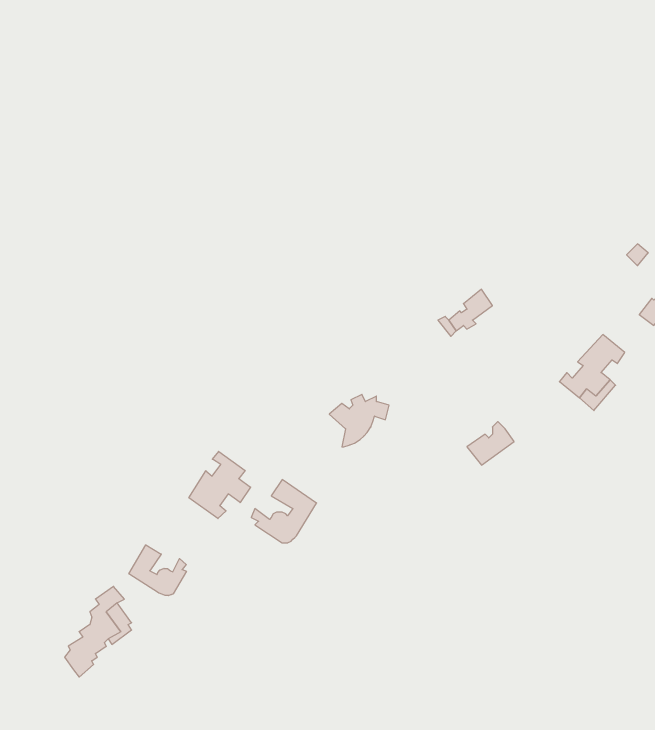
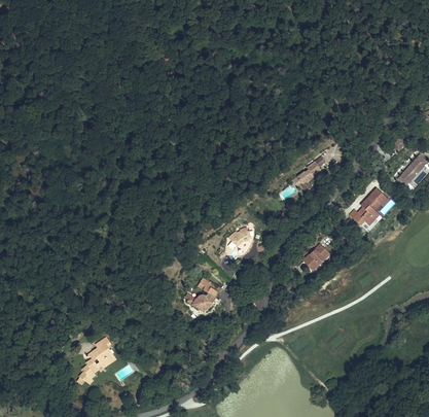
building: [189,451,251,519] -> none
building: [129,545,186,596] -> none

